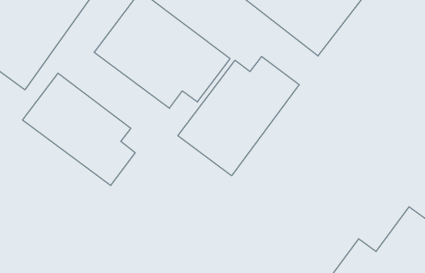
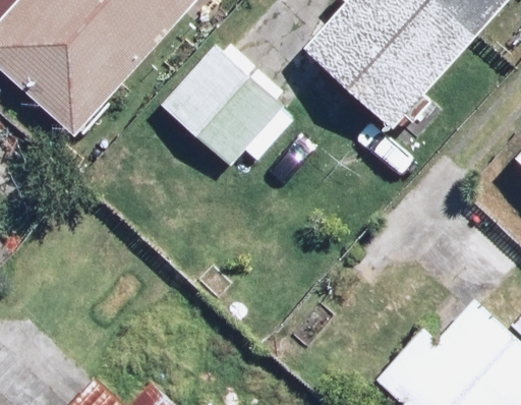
building: [178,57,299,176] -> none
building: [23,73,135,186] -> none

